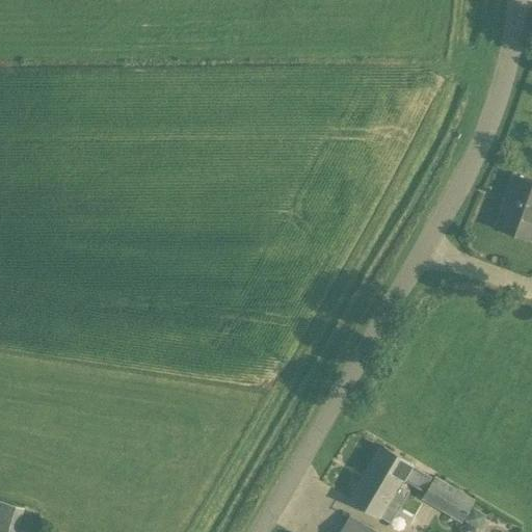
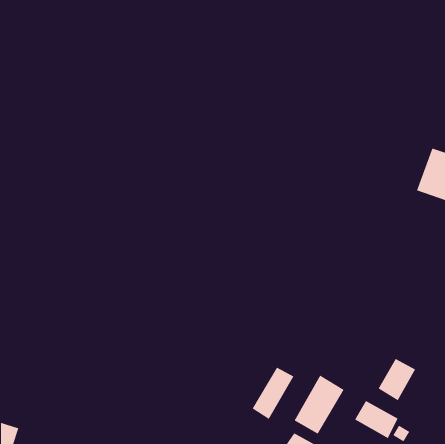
building: none -> [378,358,416,401]
building: none -> [252,367,294,420]

